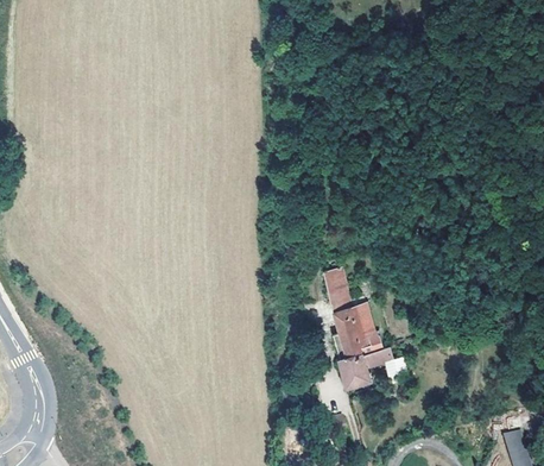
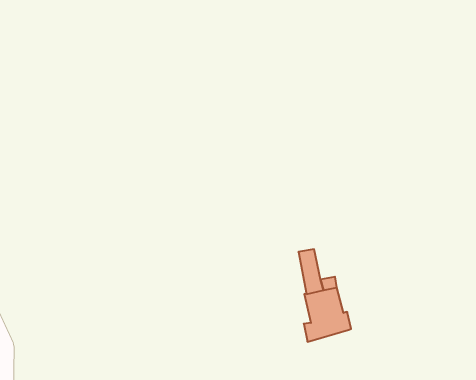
building: [339,347,382,385] -> none

